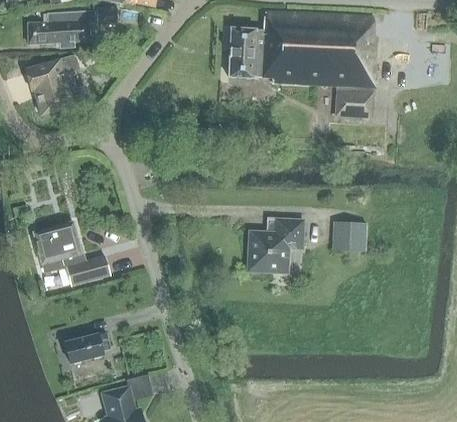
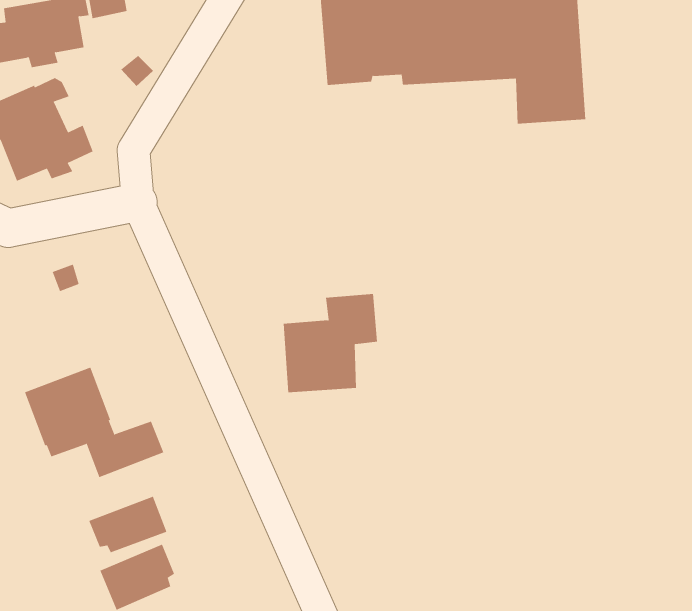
building: [246,218,302,272] -> [283,293,378,393]
building: [335,221,365,250] -> none
building: none -> [89,496,167,553]

